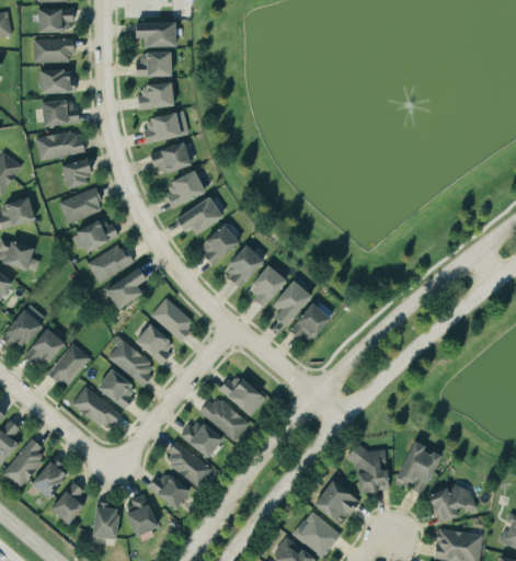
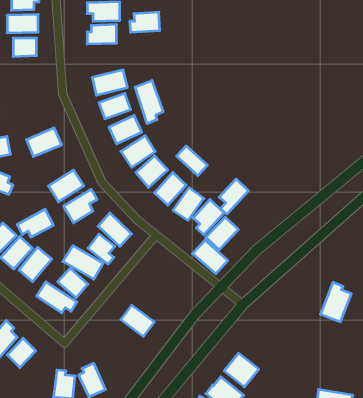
building: [137,82,176,108] -> [130,12,160,32]
building: [43,100,79,125] -> none
building: none -> [135,80,163,124]
building: [34,129,84,161] -> none
building: [61,156,95,190] -> none
building: none -> [177,146,207,176]
building: [70,216,117,252] -> [17,209,53,237]
building: none -> [219,179,248,214]
building: [219,371,265,415] -> [192,240,228,274]
building: [197,394,246,442] -> none
building: [167,440,211,488] -> none
building: [399,440,439,492] -> [320,282,351,322]
building: [352,448,389,493] -> none
building: [149,469,192,510] -> none
building: [50,480,87,524] -> none
building: [429,483,477,522] -> none

